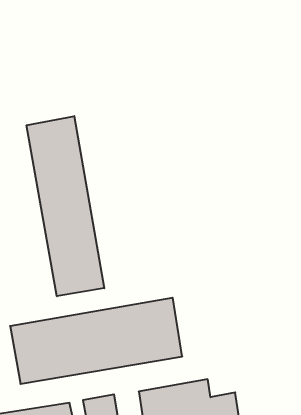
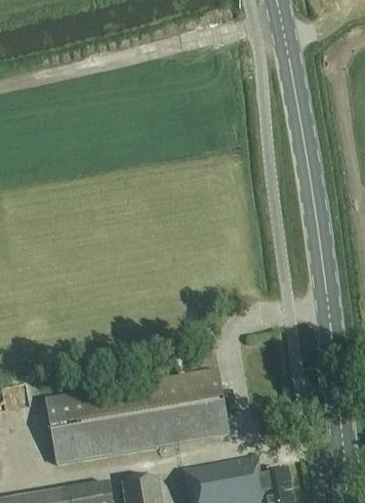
building: [27,116,104,296] -> none

